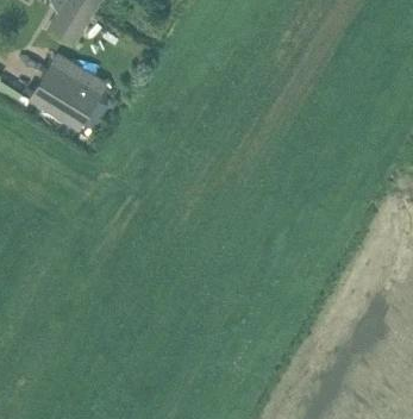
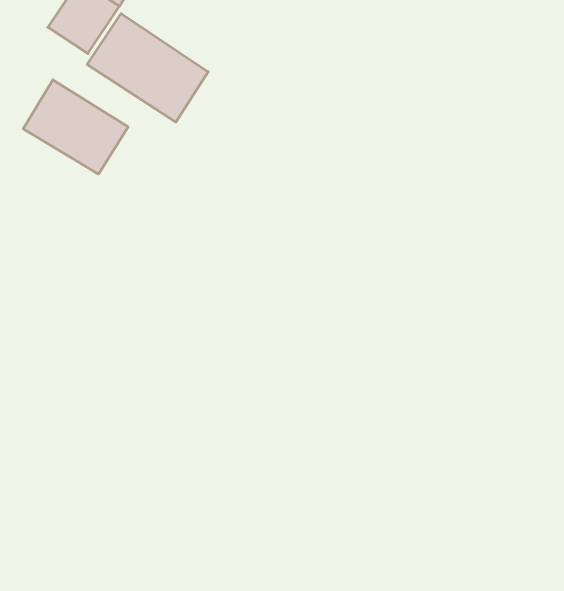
building: none -> [87,14,208,122]

